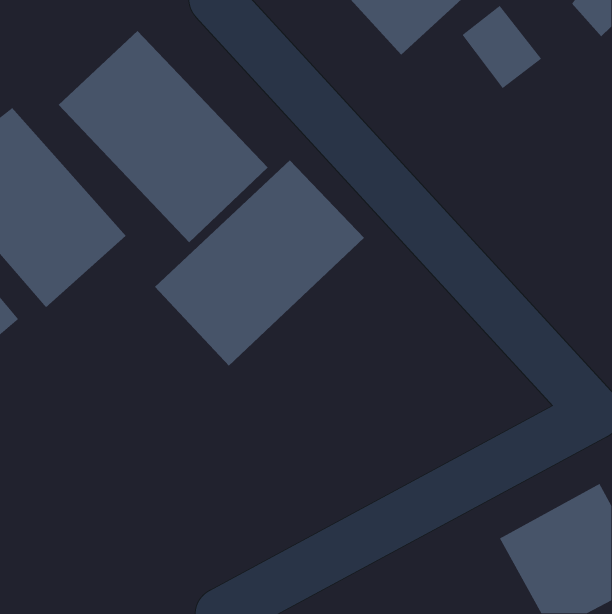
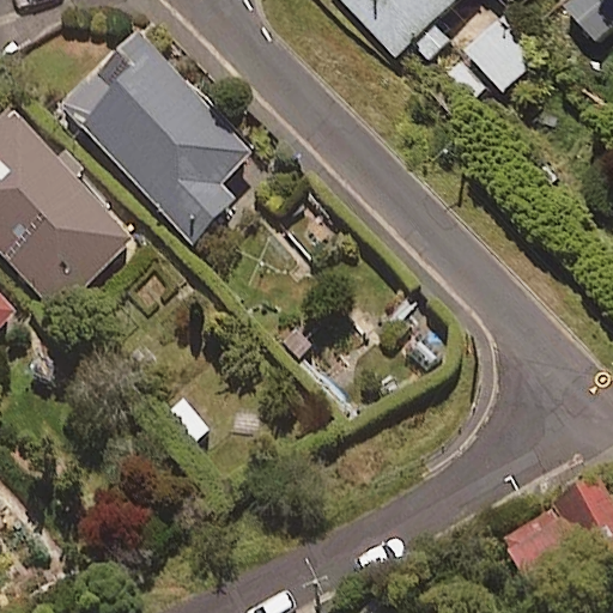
building: [154,160,365,367] -> none

